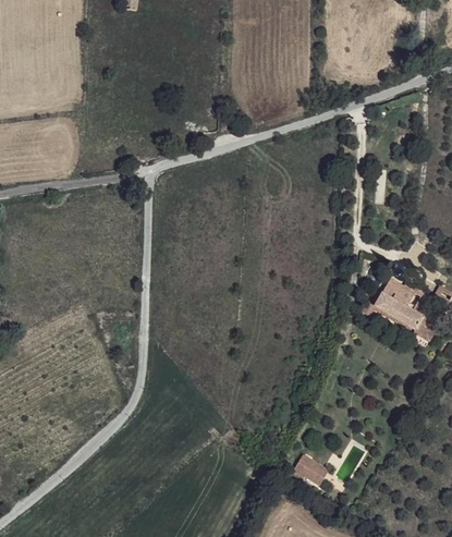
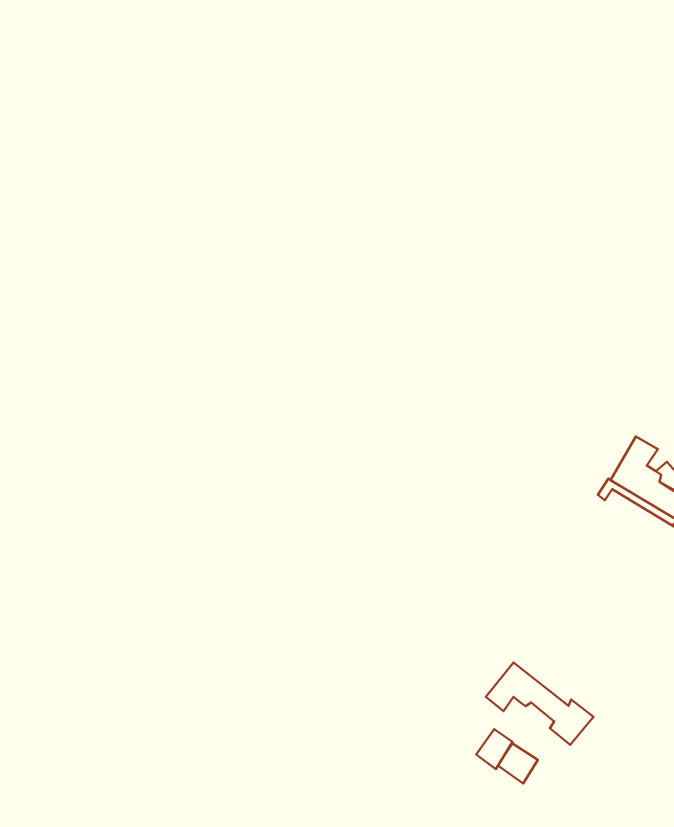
building: none -> [486,662,594,745]

